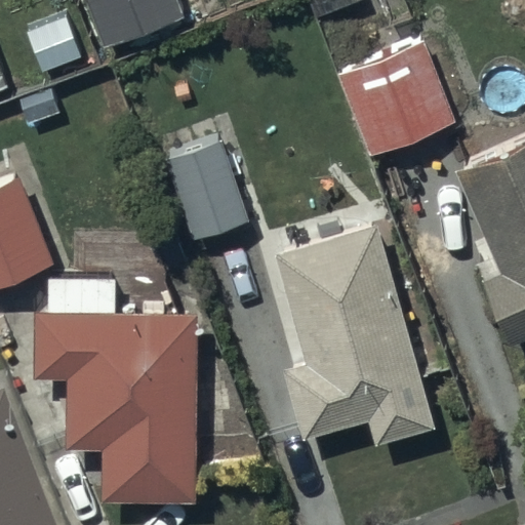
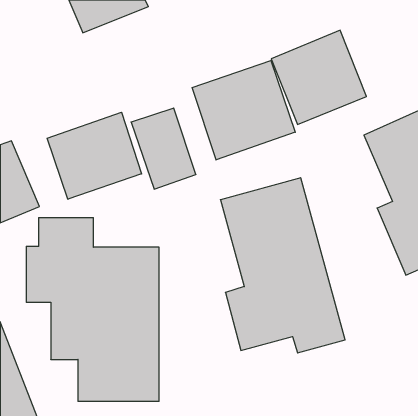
building: none -> [192,61,295,160]
building: none -> [47,112,142,199]

